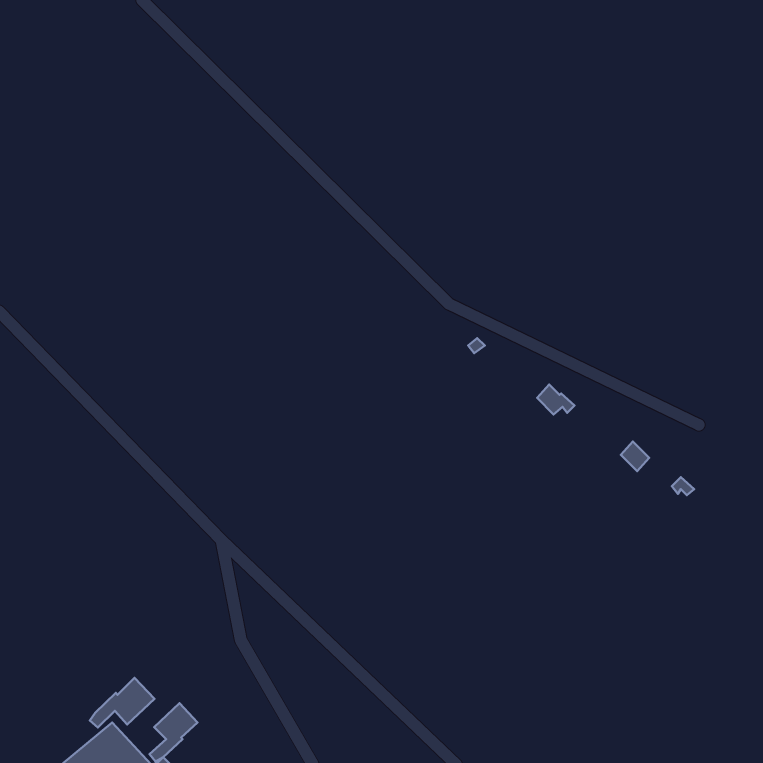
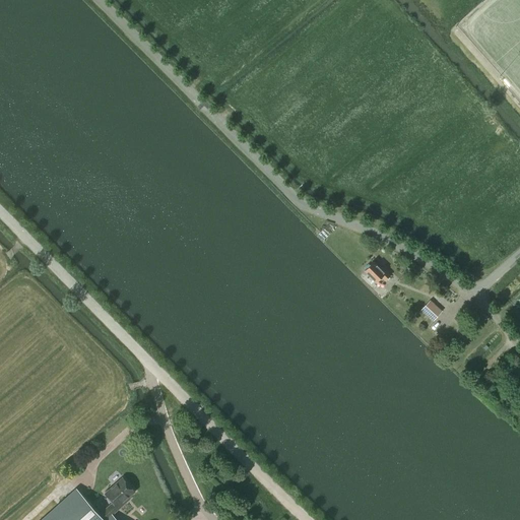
building: [90,678,154,727] -> none

